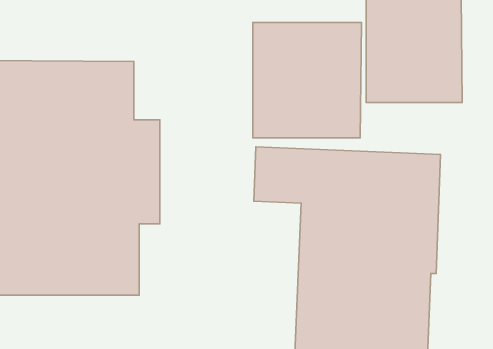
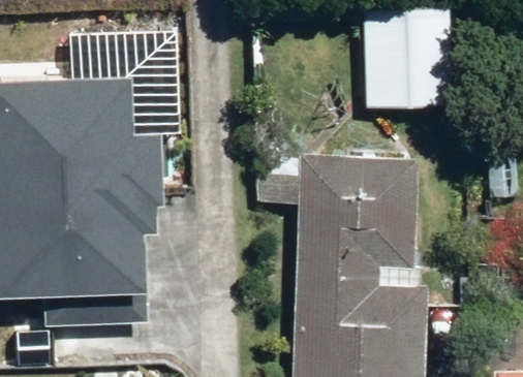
building: [253,23,361,138] -> none

